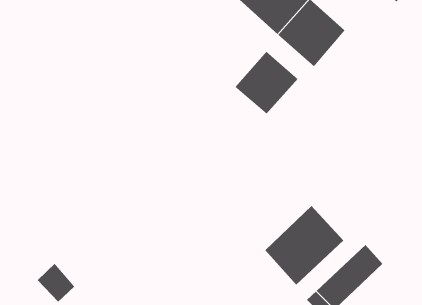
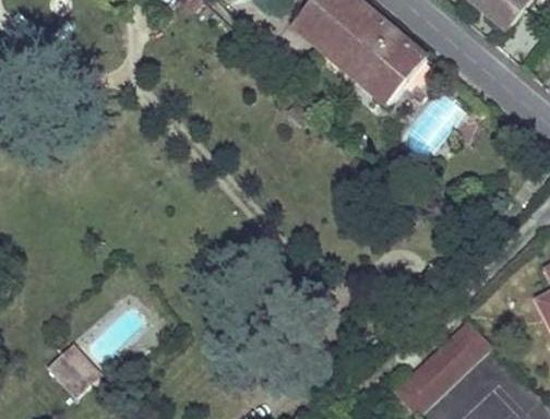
building: [235,51,299,114] -> none
building: [265,205,344,286] -> none

